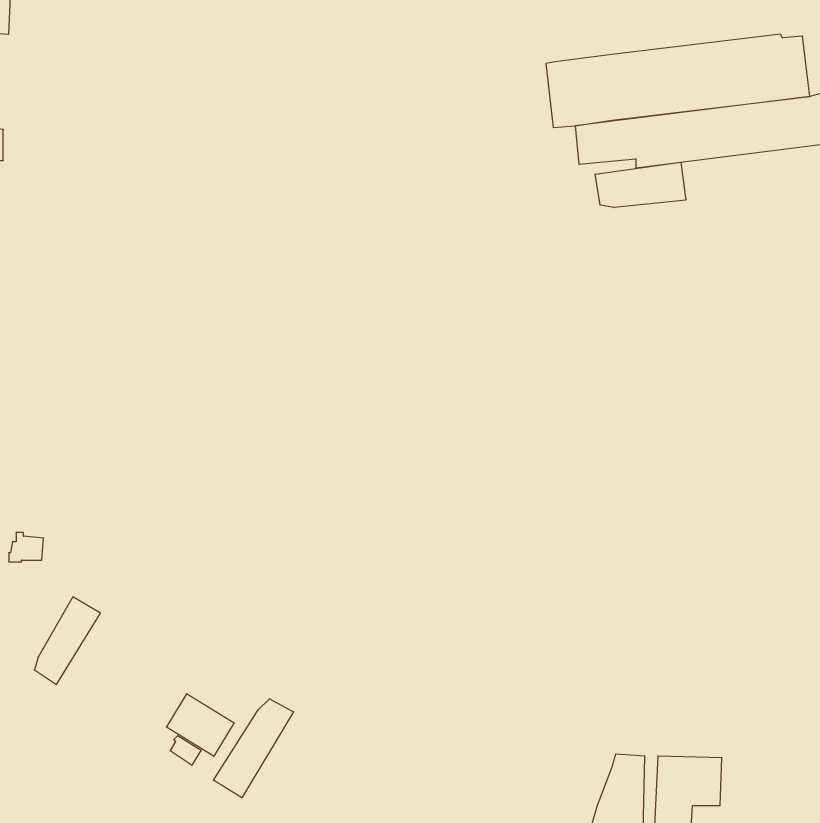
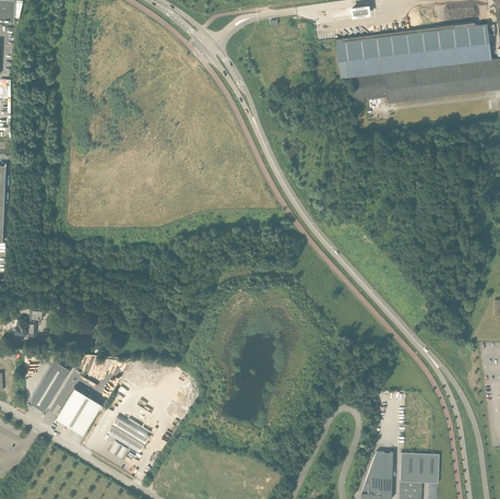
building: [595,162,686,208] -> none
building: none -> [56,388,103,436]
building: [213,699,294,798] -> none

